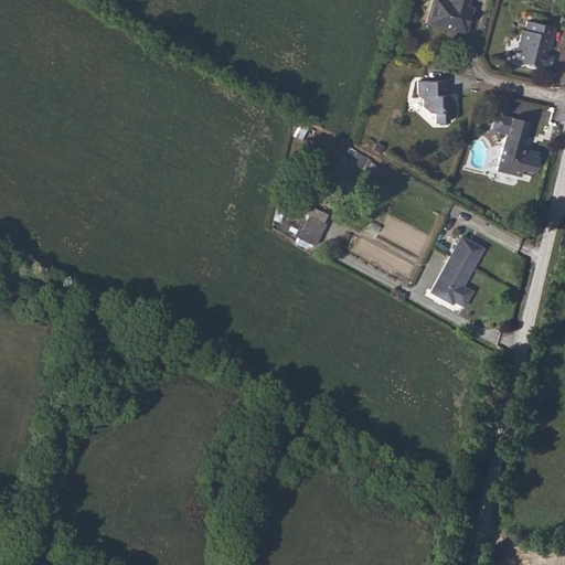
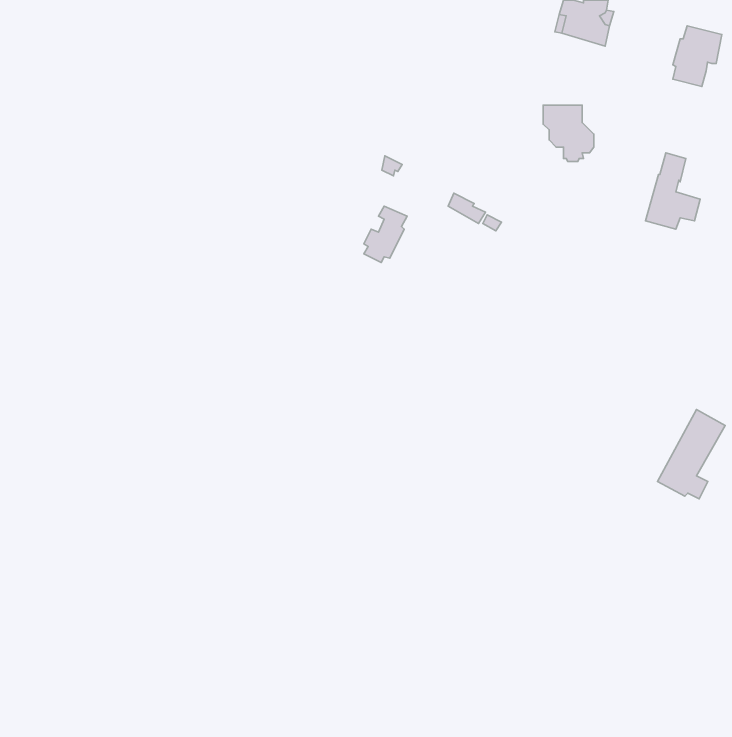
building: [297,205,330,248] -> [364,206,407,262]
building: [433,236,484,305] -> [658,410,725,499]

